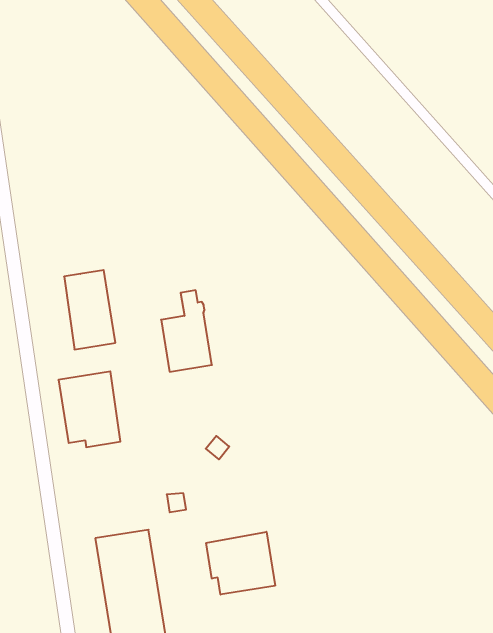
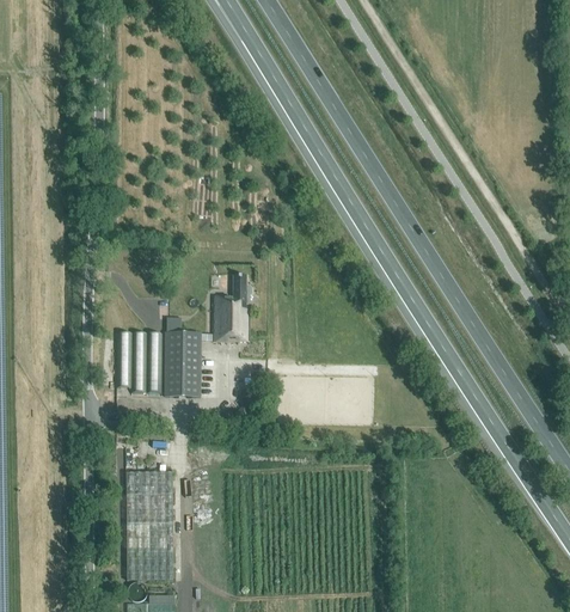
building: [64,270,115,349] -> [165,331,201,394]
building: [206,532,275,595] -> none

